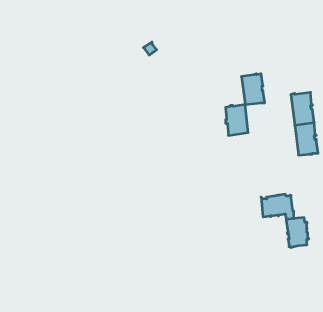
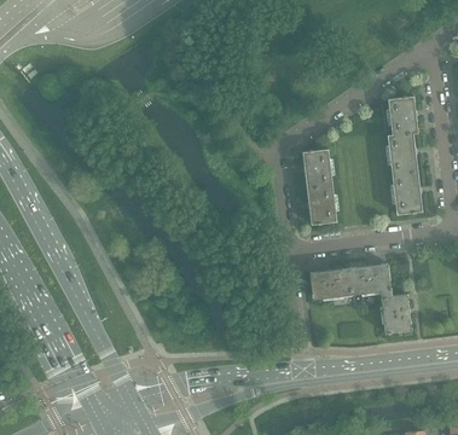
building: [241,74,265,105] -> [388,95,418,135]
building: none -> [307,185,337,225]
building: none -> [311,268,352,298]

